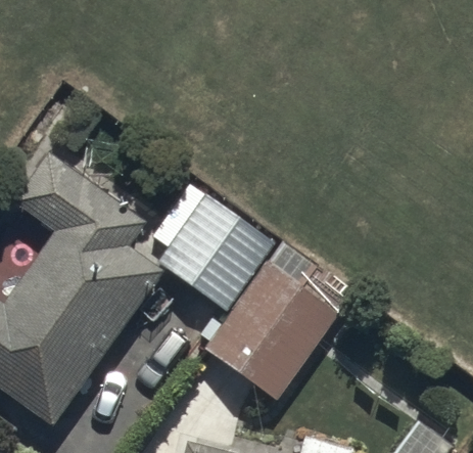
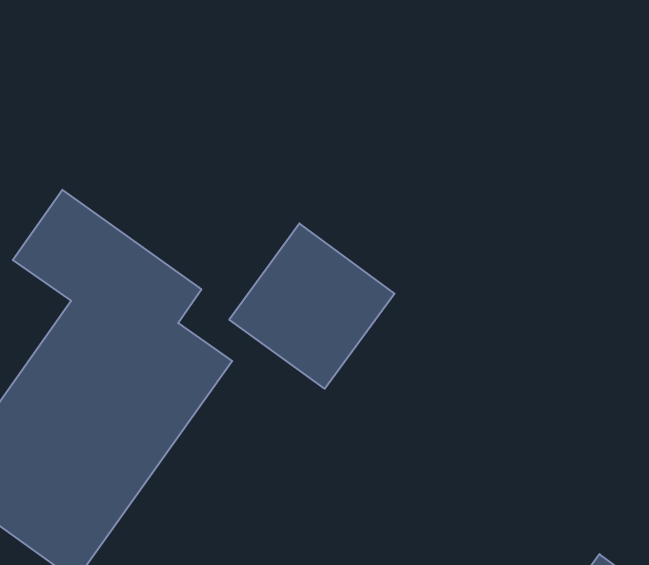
building: [203,262,353,399] -> none

